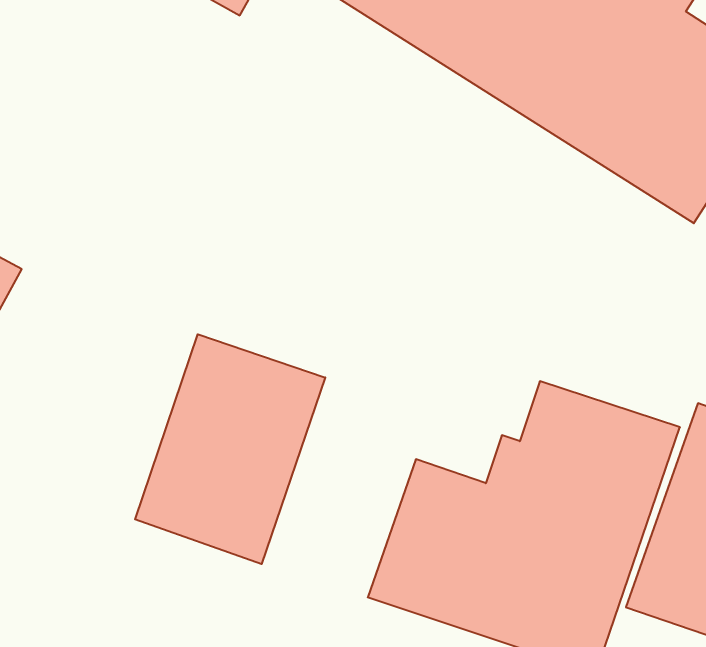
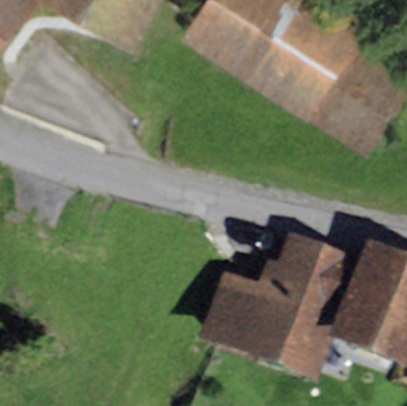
building: [135,334,325,564] -> none

